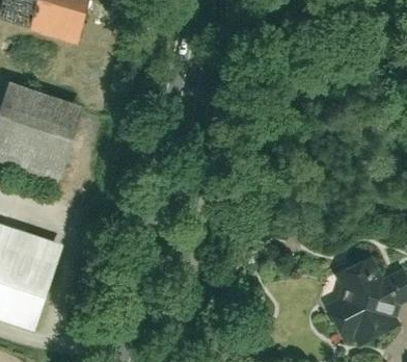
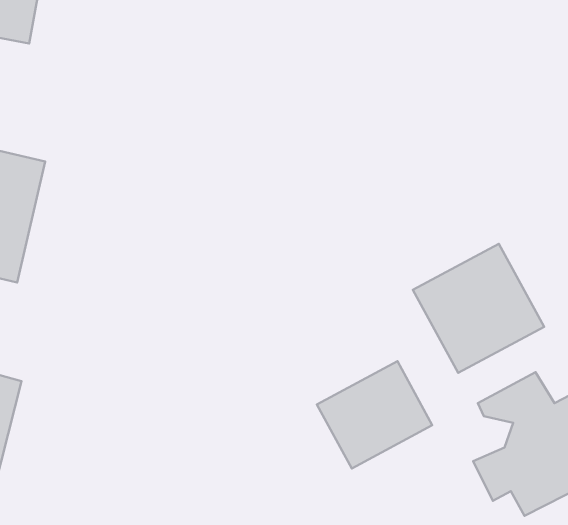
building: none -> [413,244,544,373]
building: none -> [317,361,432,468]

